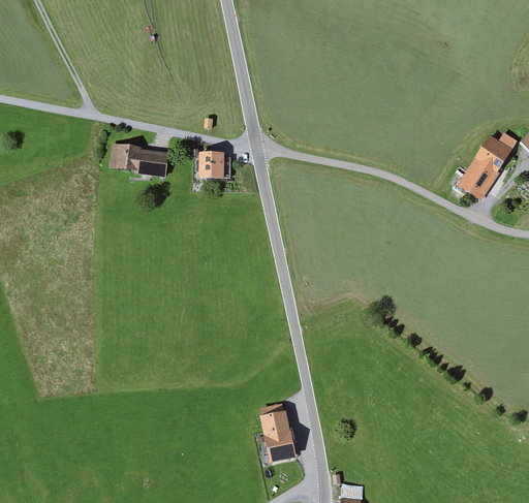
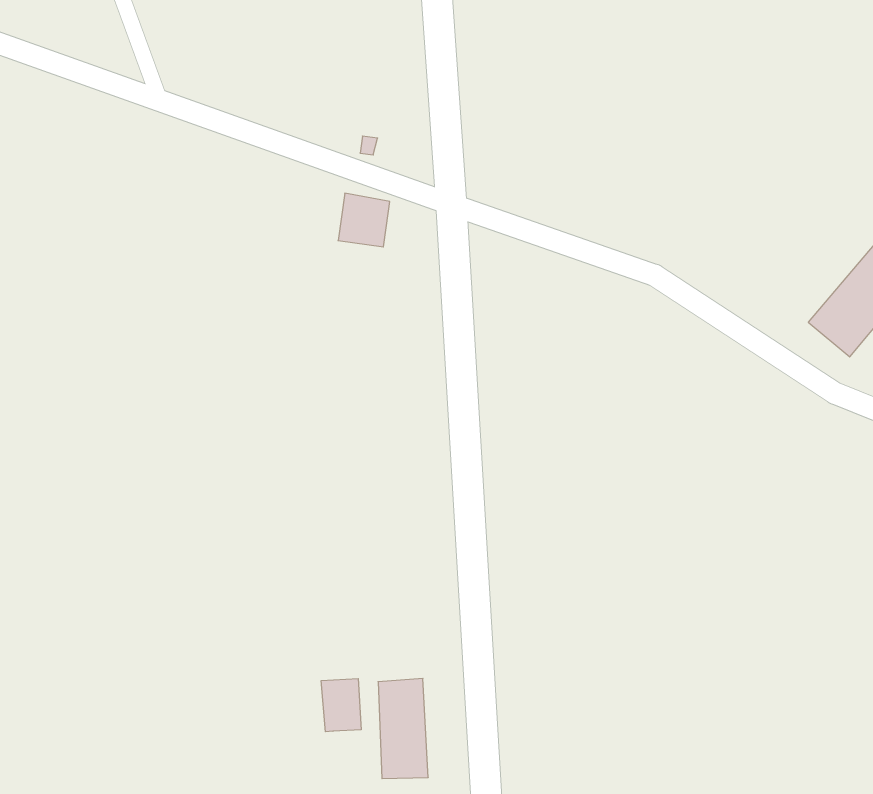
building: [110,143,168,177] -> none
building: none -> [321,679,361,732]

